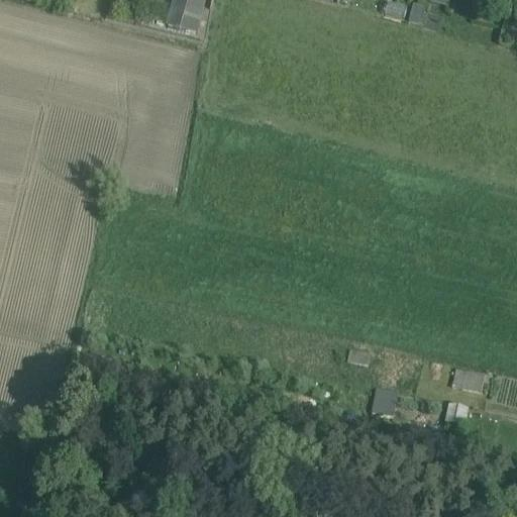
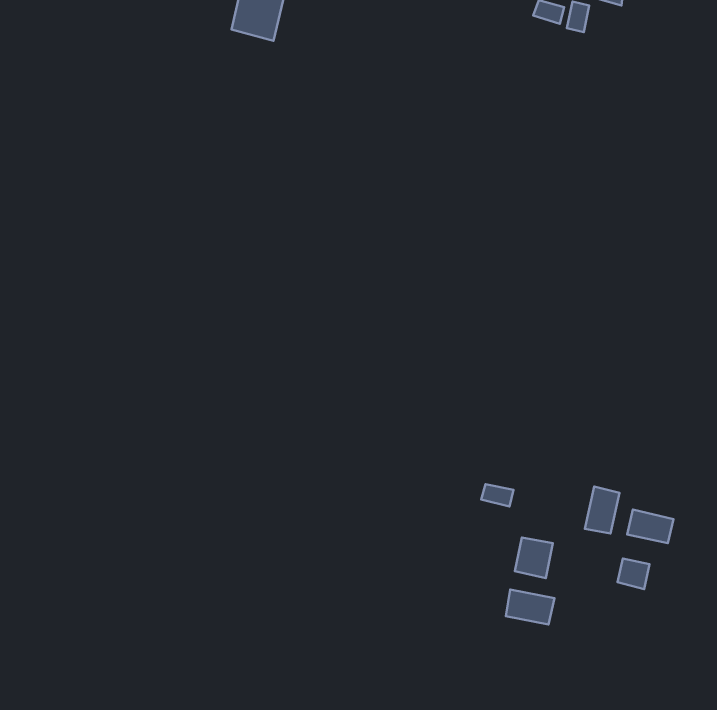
building: none -> [585,486,619,534]
building: none -> [506,589,555,624]

